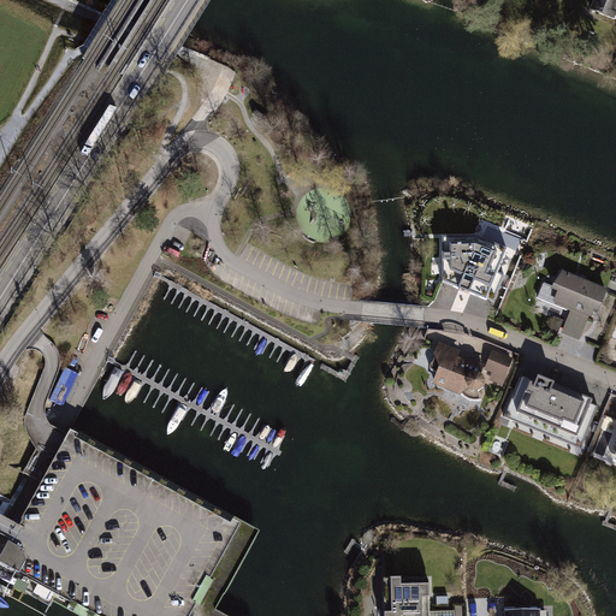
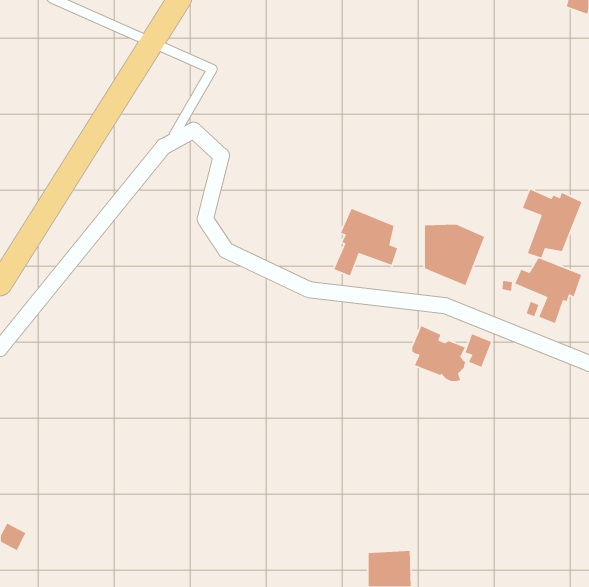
building: none -> [522,188,583,258]
building: none -> [333,208,398,276]
building: [504,374,598,446] -> none

